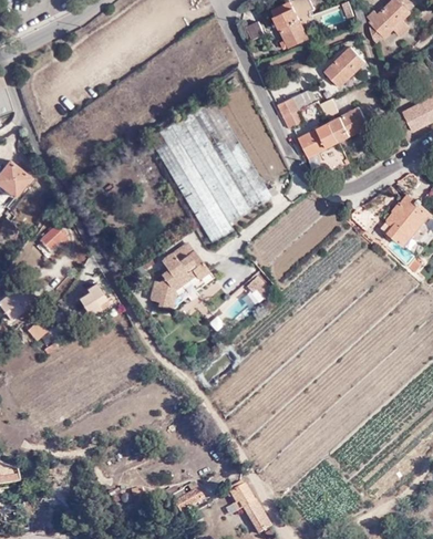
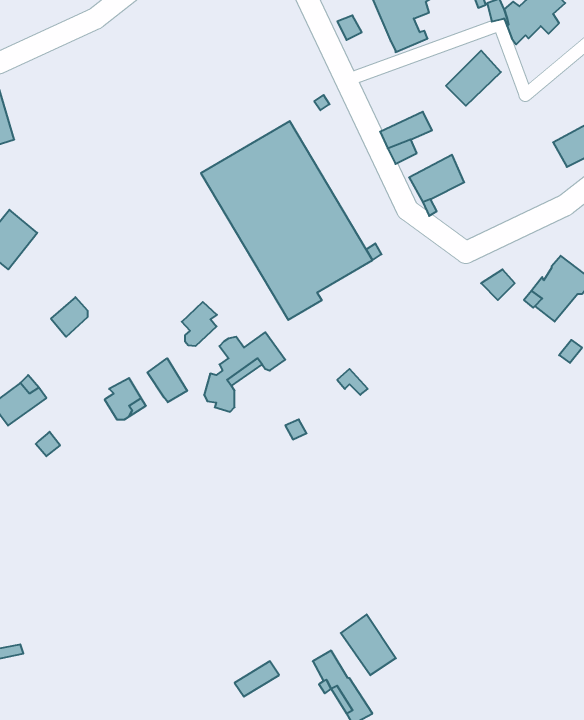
building: [329,107,368,142] -> none
building: none -> [182,302,217,346]
building: none -> [147,358,187,402]
building: none -> [341,614,396,675]

